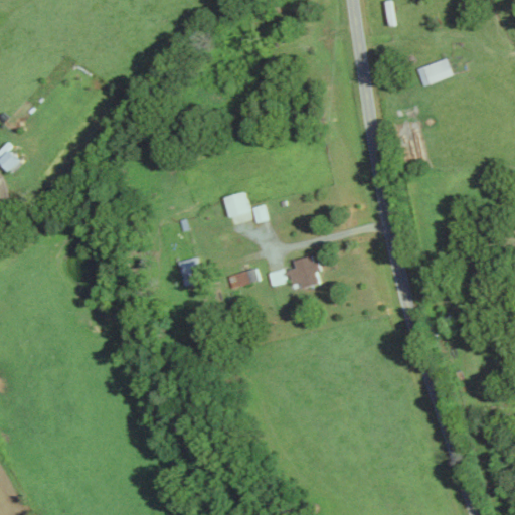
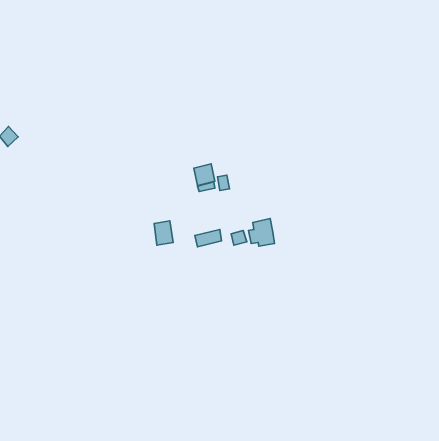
building: [416,58,453,87] -> none

